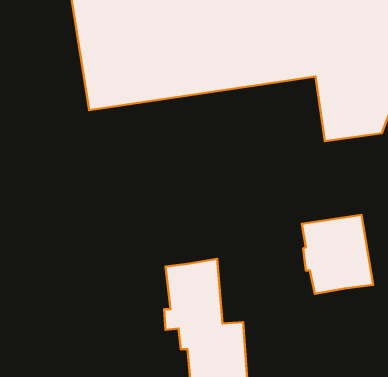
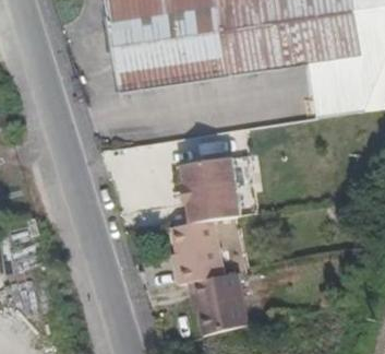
building: [302,215,373,294] -> [185,157,245,224]

